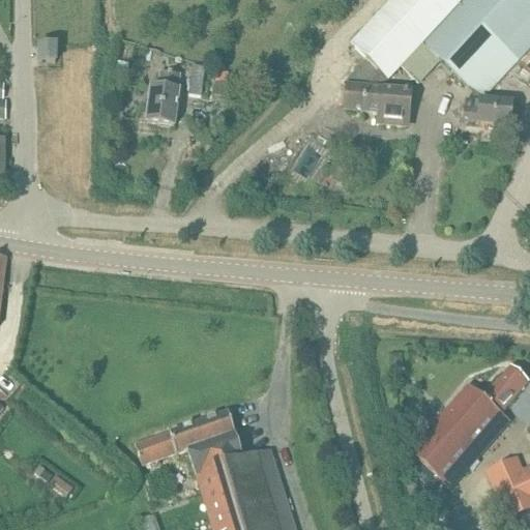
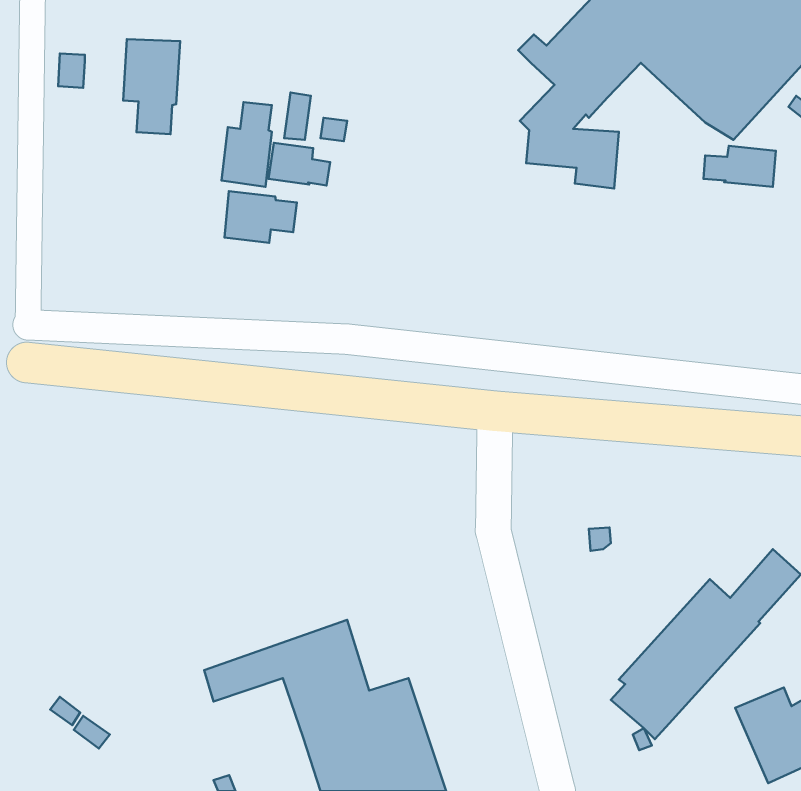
building: none -> [123,39,180,134]
building: none -> [269,143,330,186]
building: none -> [224,191,297,243]

